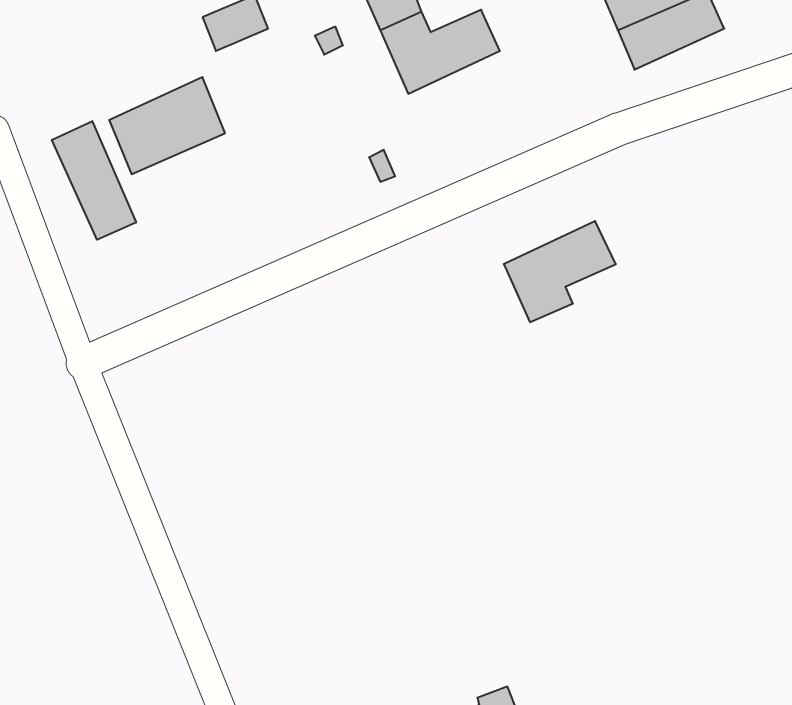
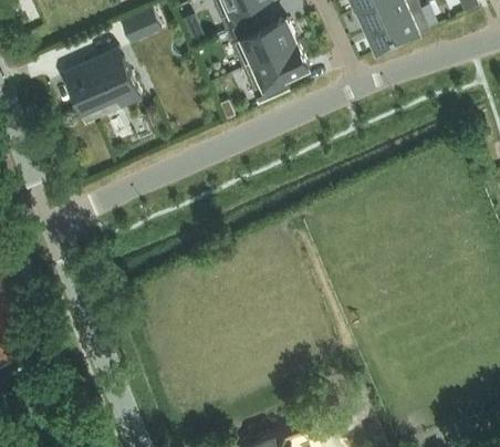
building: [52,121,136,240] -> none
building: [504,221,616,322] -> [244,41,311,101]

